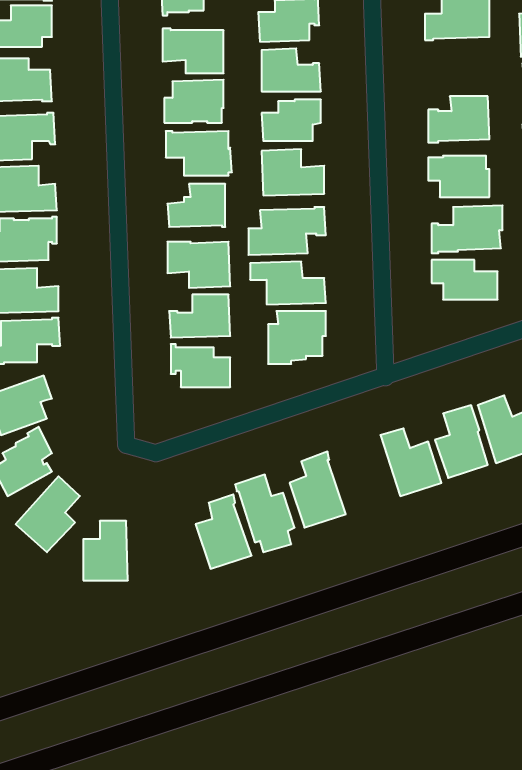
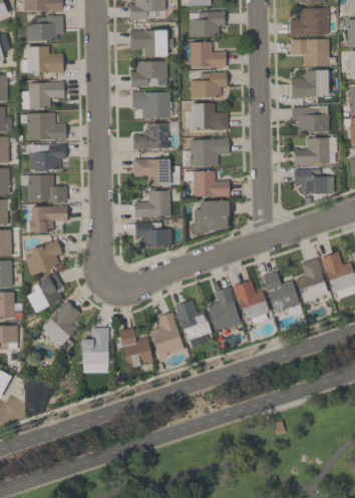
building: none -> [290,39,330,66]
building: none -> [233,280,270,320]
building: none -> [119,327,153,368]

